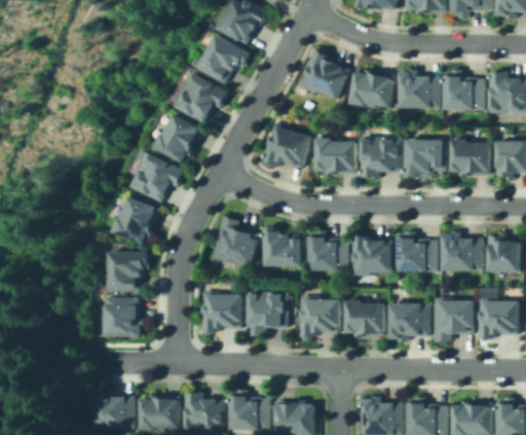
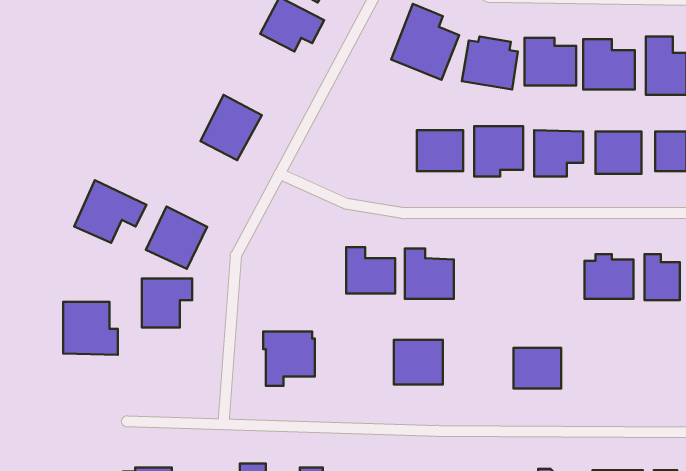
building: [175,72,233,122] -> none
building: [261,124,309,169] -> none
building: [133,153,187,201] -> [74,180,146,243]
building: [211,220,255,259] -> none
building: [398,231,439,266] -> none
building: [352,238,389,274] -> none
building: [249,292,287,334] -> none
building: [104,298,145,338] -> [63,302,118,355]
building: [479,299,512,334] -> none
building: [435,301,472,343] -> none
building: [346,303,381,335] -> none

